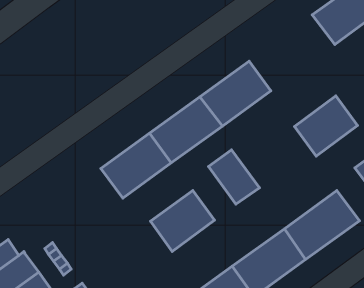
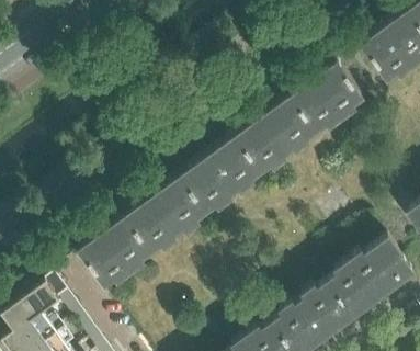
building: [294,96,358,156] -> [292,63,362,129]
building: [209,150,260,204] -> none
building: [150,190,215,252] -> [80,216,151,284]
building: none -> [24,271,70,313]

